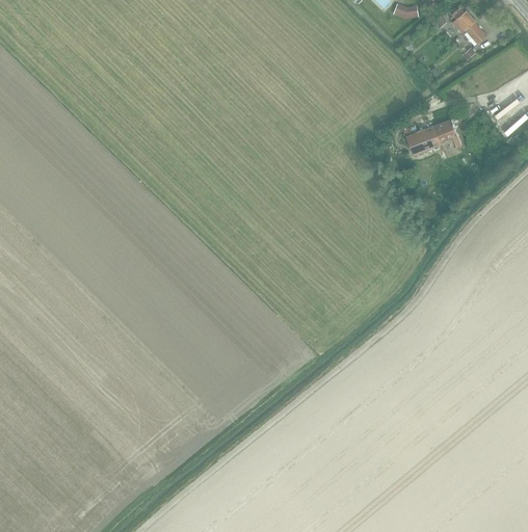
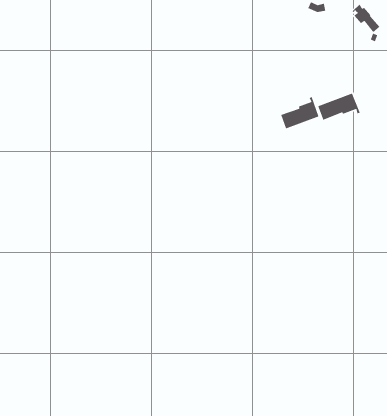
building: none -> [280,96,319,129]

